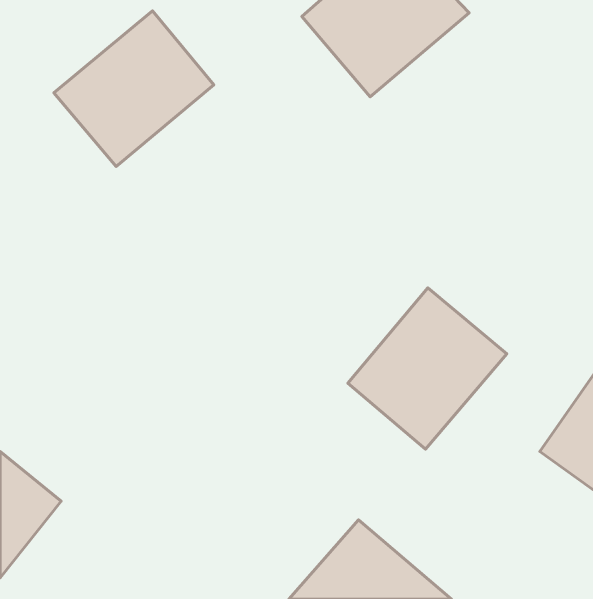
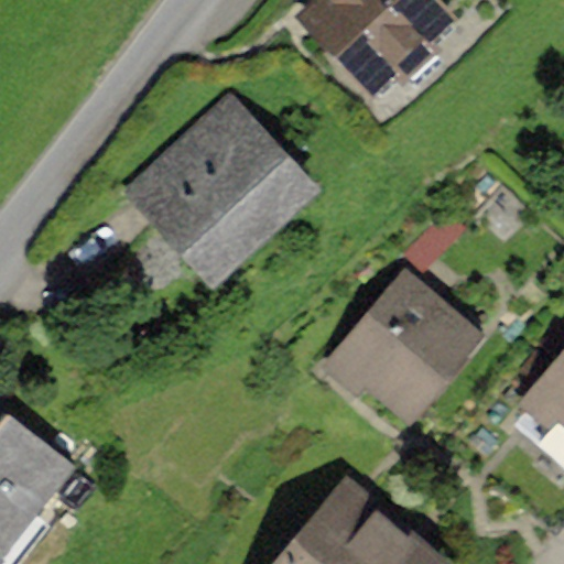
building: [54,11,214,167] -> none
building: none -> [128,100,316,284]

